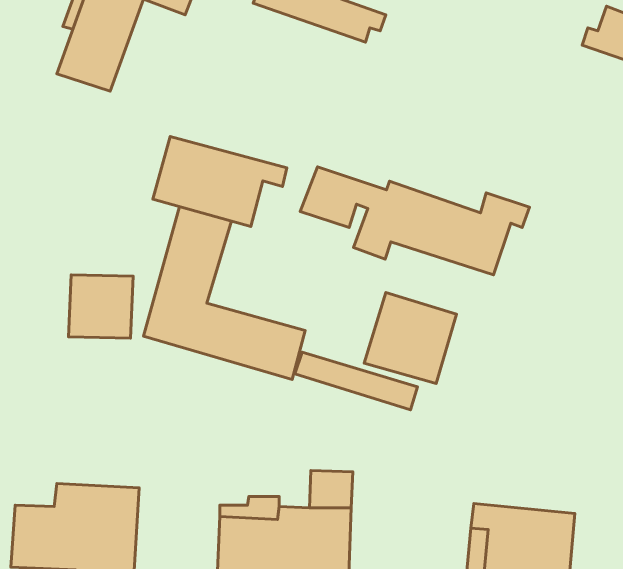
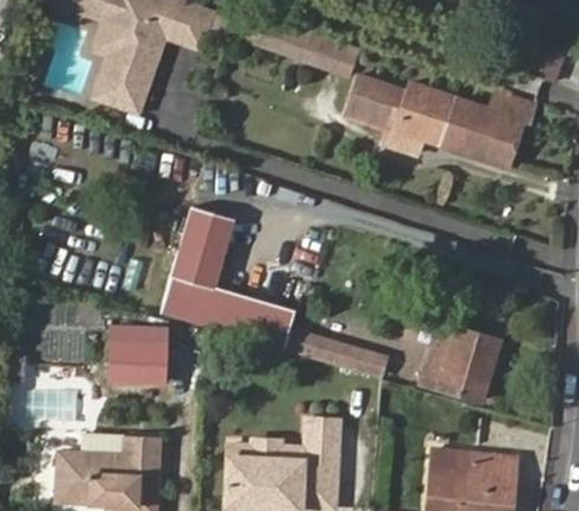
building: [153,137,287,226] -> none
building: [300,167,529,275] -> [350,76,539,165]
building: [68,275,133,338] -> [112,329,165,381]
building: [364,293,456,383] -> [424,323,501,398]

